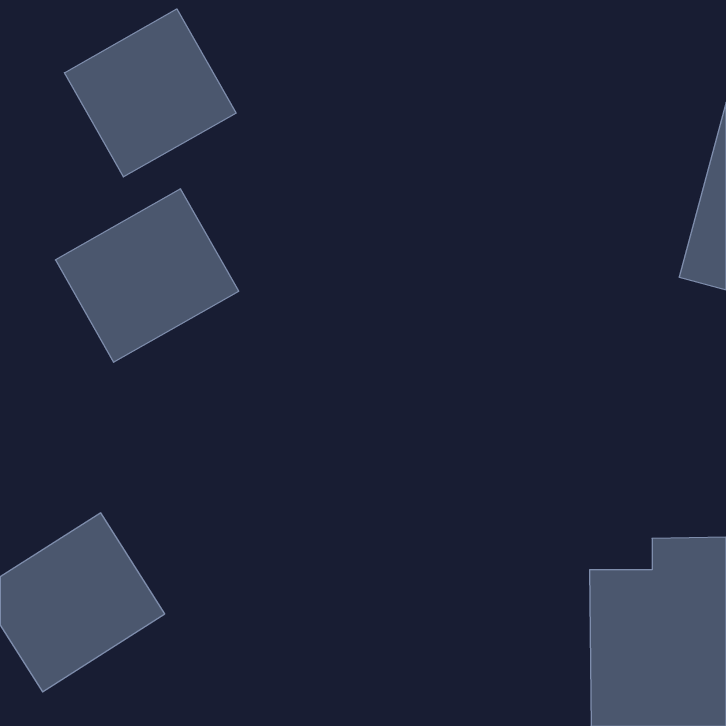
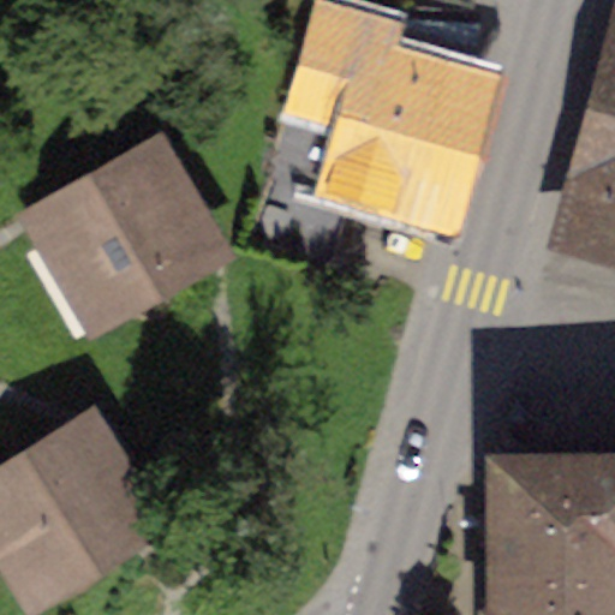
building: [64,9,236,177] -> none
building: none -> [301,14,478,207]

